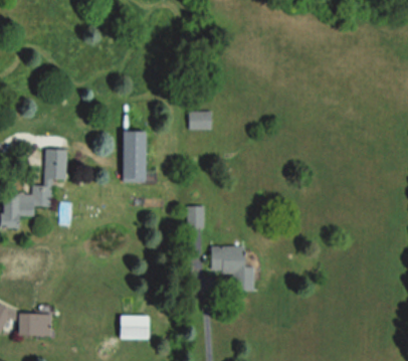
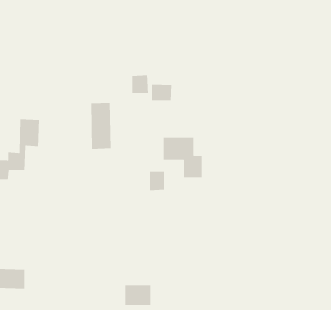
building: none -> [131,75,149,94]
building: [211,246,254,292] -> [163,137,203,178]
building: [120,316,149,339] -> [125,285,151,306]

